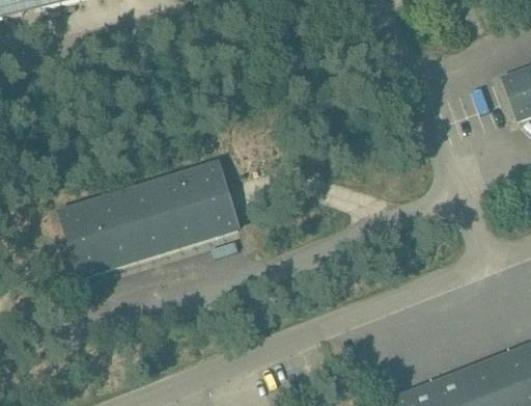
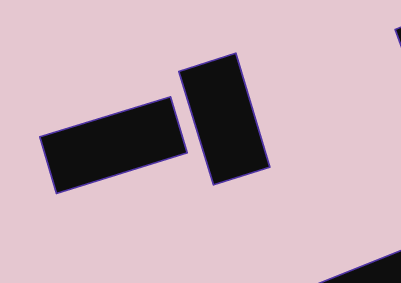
building: none -> [179,53,270,185]

